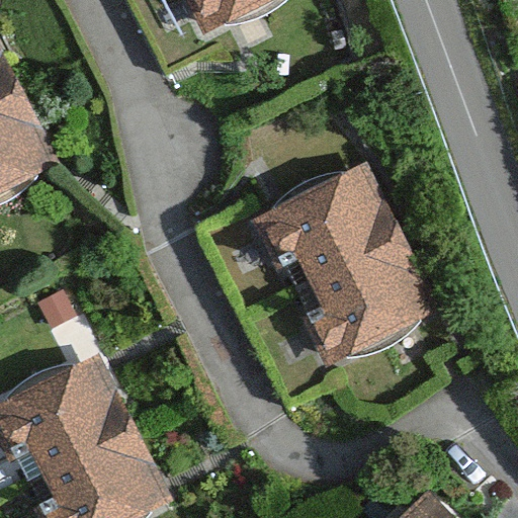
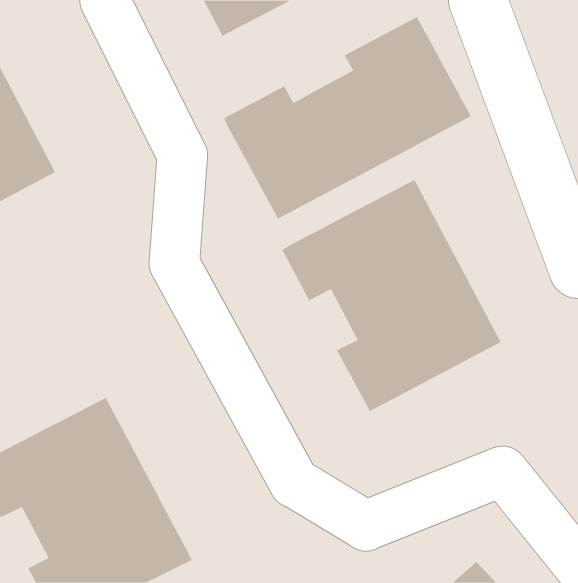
building: none -> [223,16,471,220]

